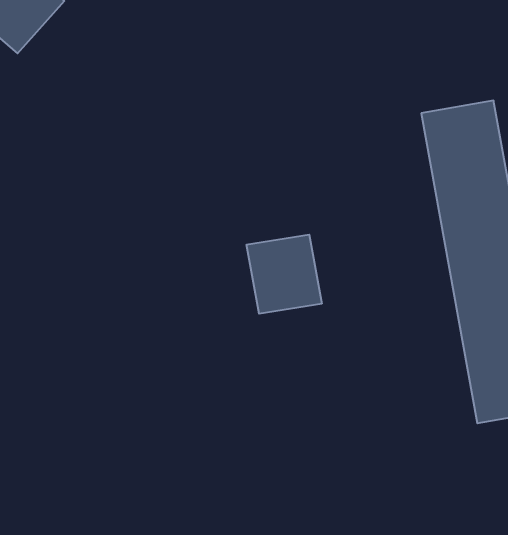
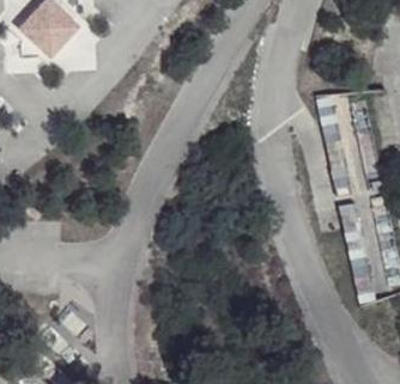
building: [247,235,322,314] -> none

